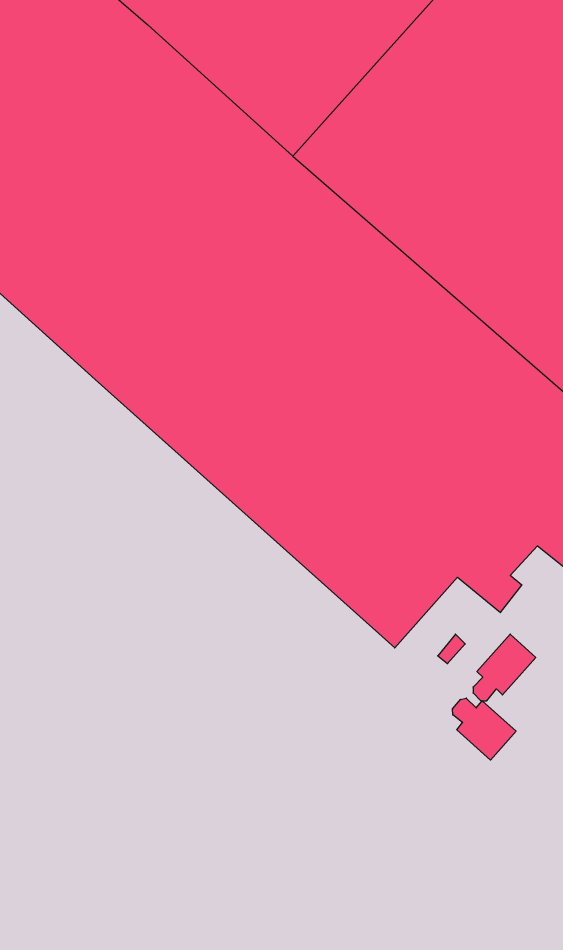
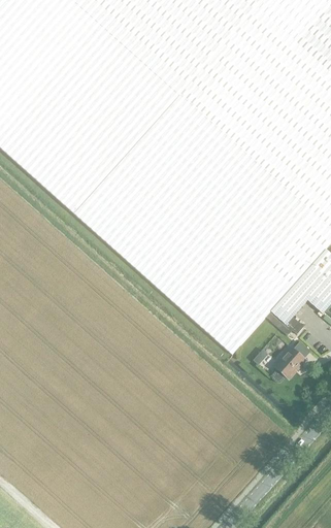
building: [453,698,516,760] -> none

